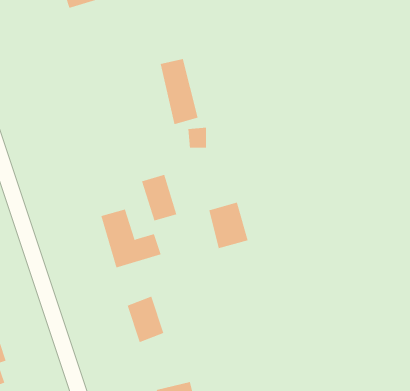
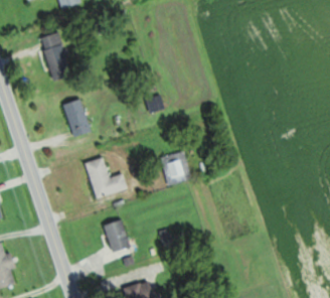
building: [160,58,199,125] -> [41,33,69,82]
building: [141,174,177,221] -> [62,100,89,134]

